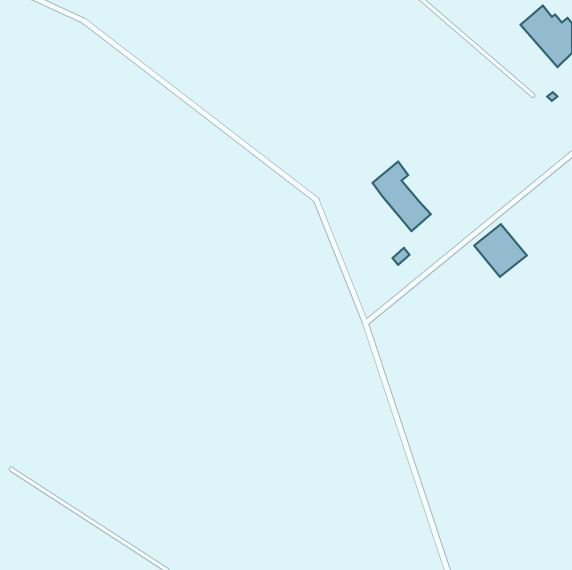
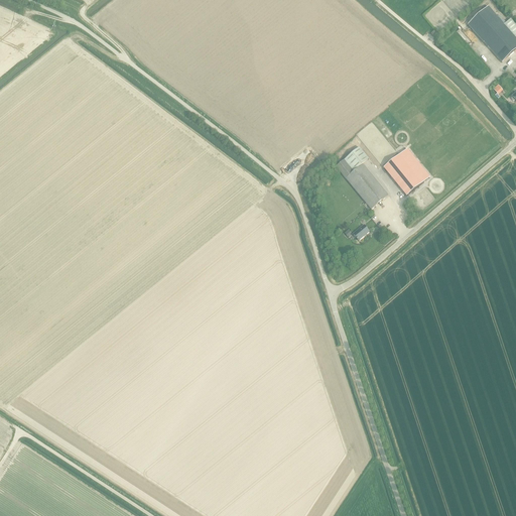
building: [474,224,527,277] -> [382,146,429,194]

